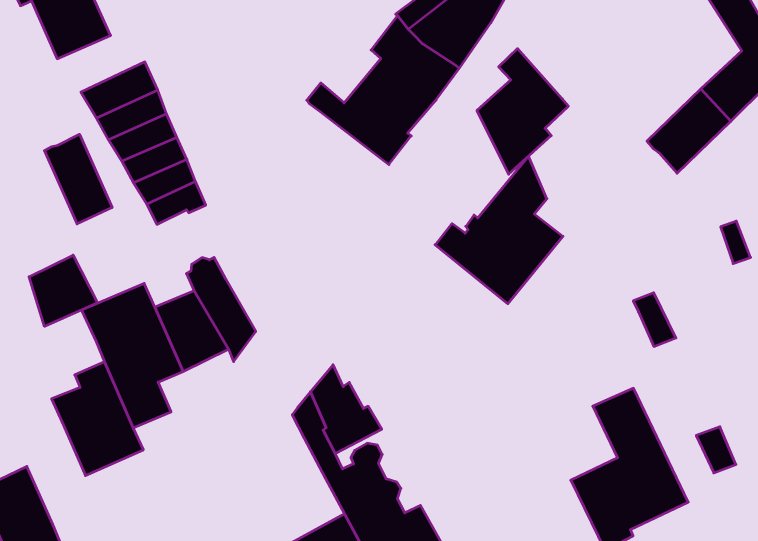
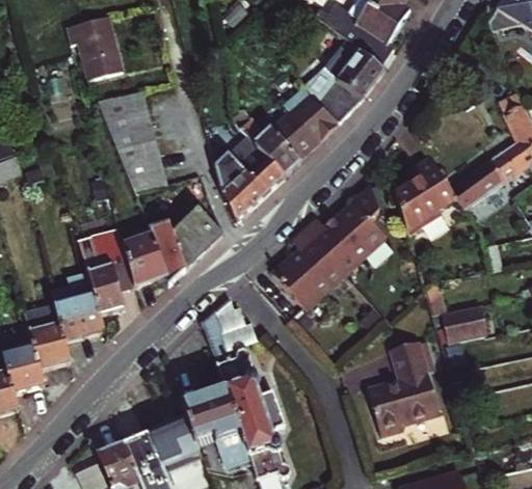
building: [477,49,568,174] -> [393,152,450,228]
building: none -> [215,137,285,221]
building: [44,134,112,224] -> none
building: none -> [172,208,222,267]
building: none -> [273,230,345,309]
building: [29,255,98,326] -> none
building: none -> [440,304,487,347]
building: none -> [27,304,71,366]

